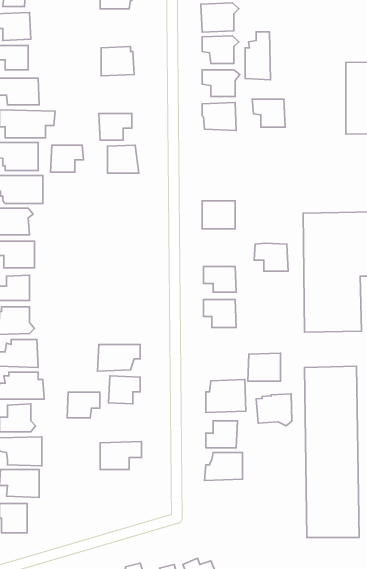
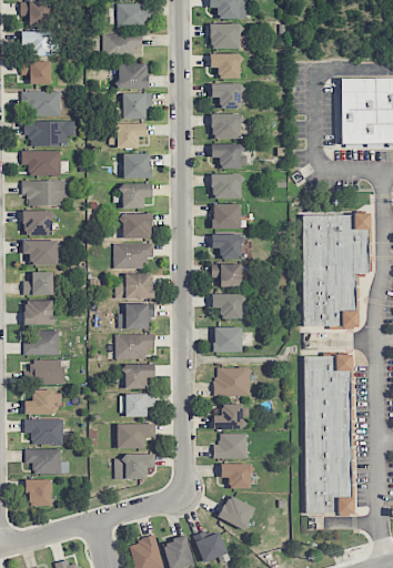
building: none -> [102,32,142,60]
building: [245,32,271,80] -> none
building: none -> [122,92,151,119]
building: [252,99,285,127] -> [210,143,240,169]
building: [51,145,83,172] -> [121,183,151,207]
building: none -> [209,173,240,199]
building: none -> [122,213,151,237]
building: [254,243,288,271] -> [210,233,241,258]
building: none -> [112,243,153,268]
building: none -> [114,273,153,298]
building: none -> [124,303,148,328]
building: [248,353,281,381] -> [211,326,241,352]
building: [67,392,100,418] -> [124,393,154,416]
building: [256,394,292,426] -> none
building: none -> [113,453,154,479]
building: none -> [220,463,249,488]
building: none -> [216,495,254,529]

